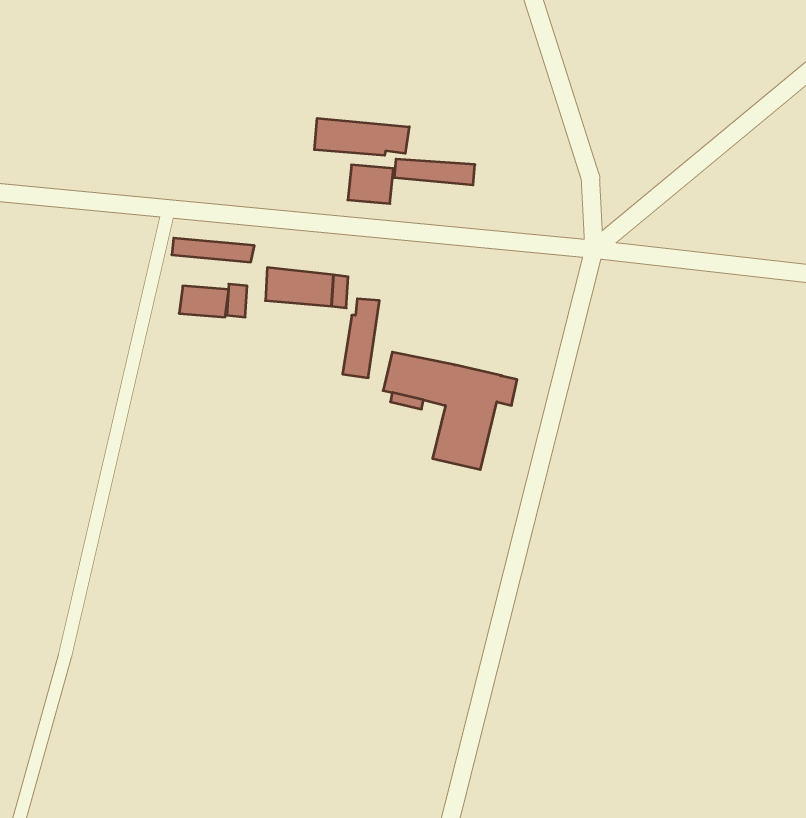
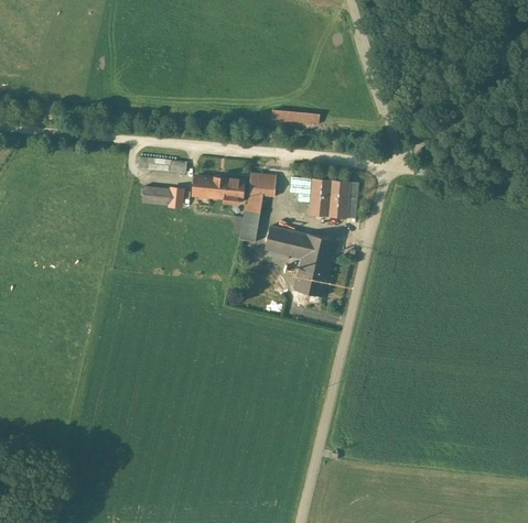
building: [314,118,409,155] -> none
building: [348,165,394,204] -> [248,173,276,196]
building: none -> [310,178,348,217]

